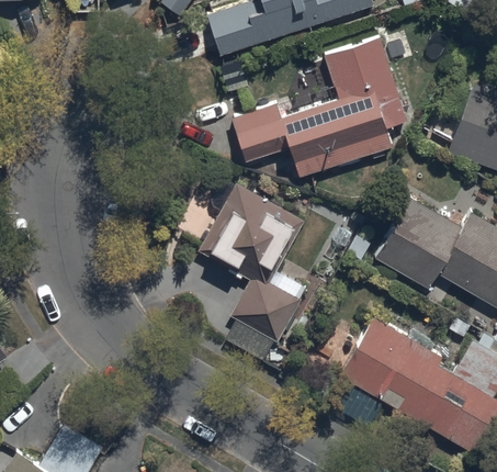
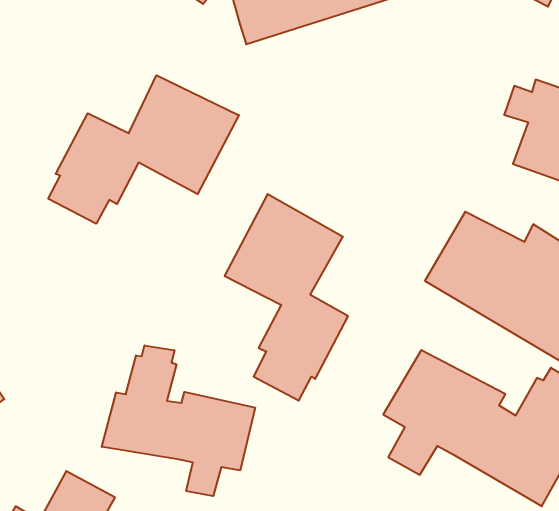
building: [230,34,407,175] -> none
building: none -> [48,75,239,224]
building: none -> [102,345,255,496]

